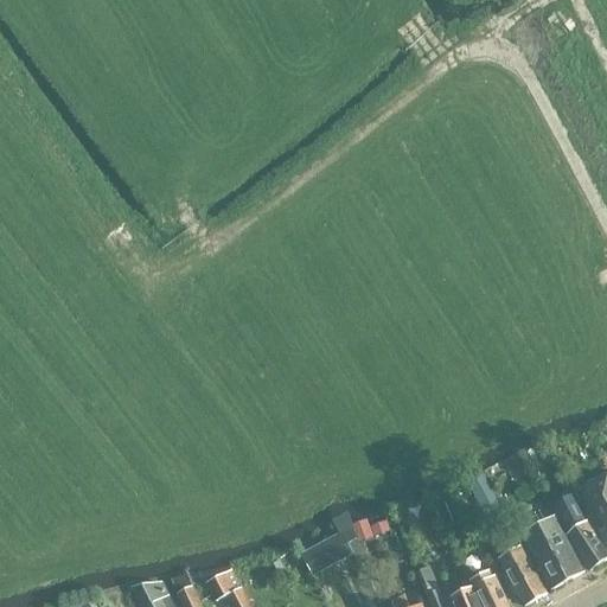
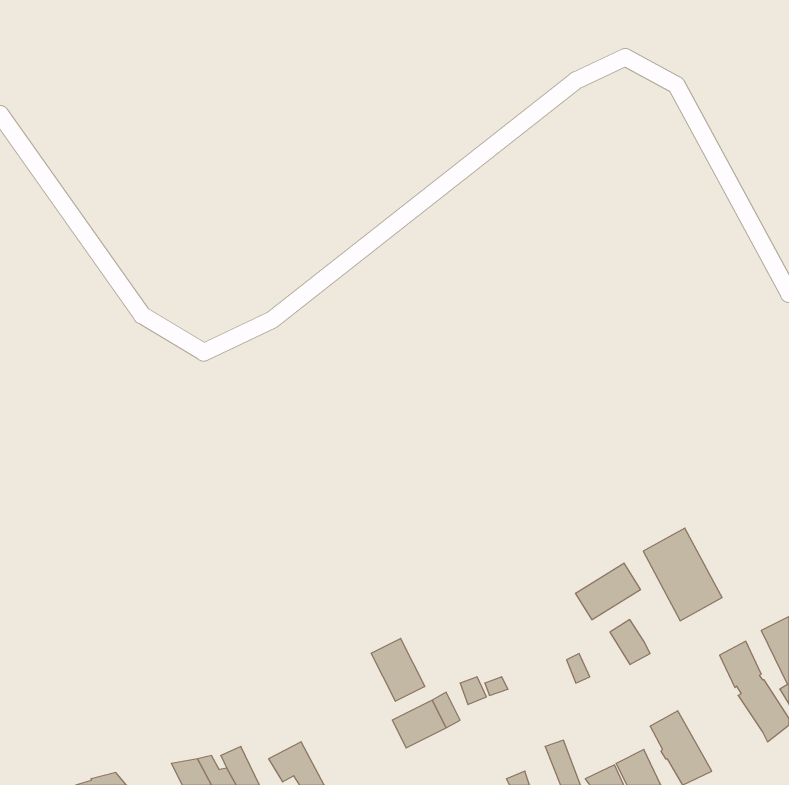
building: none -> [576,563,640,620]
building: none -> [371,638,425,701]
building: [522,517,582,588] -> [643,528,722,621]

